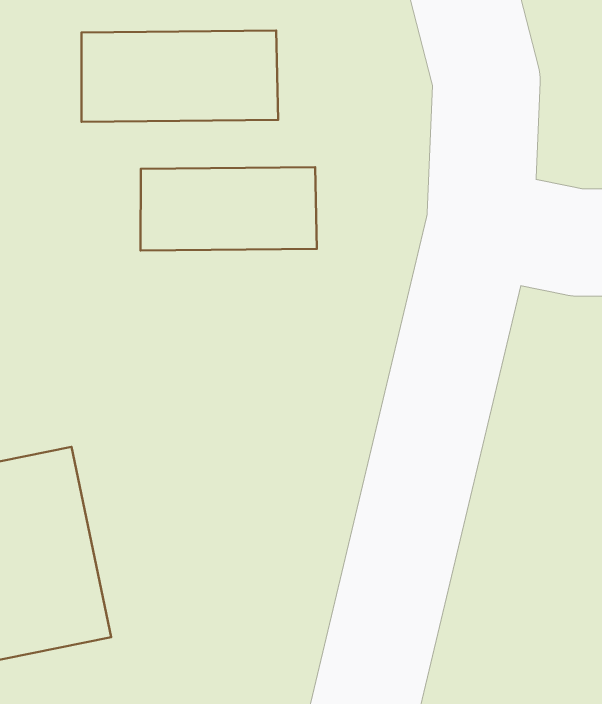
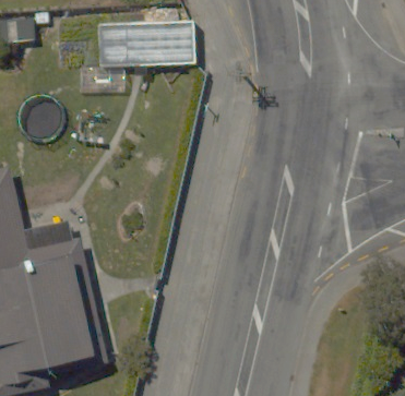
building: [141,167,317,250] -> none

